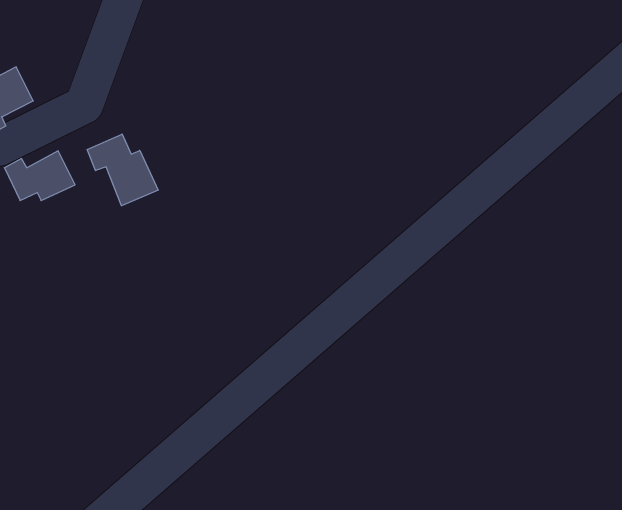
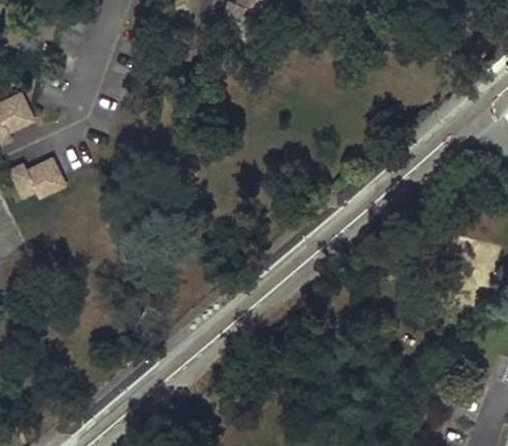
building: [87,134,158,206] -> none

